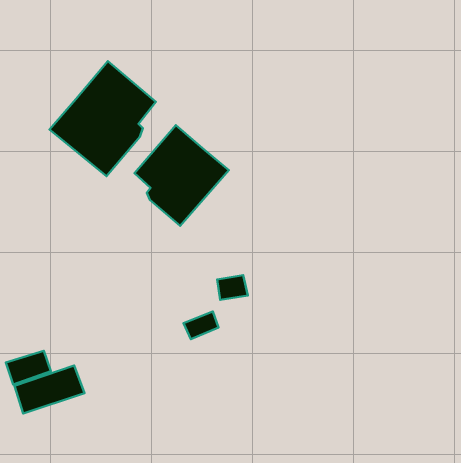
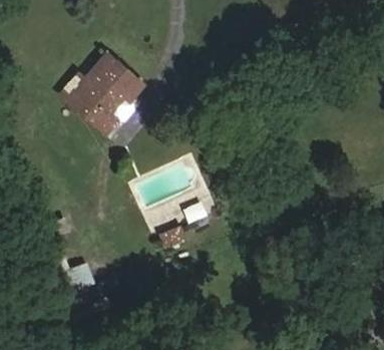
building: [135,125,229,226] -> none

